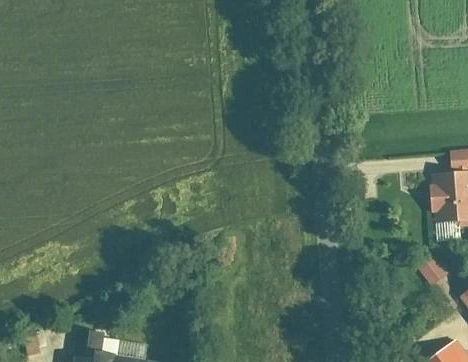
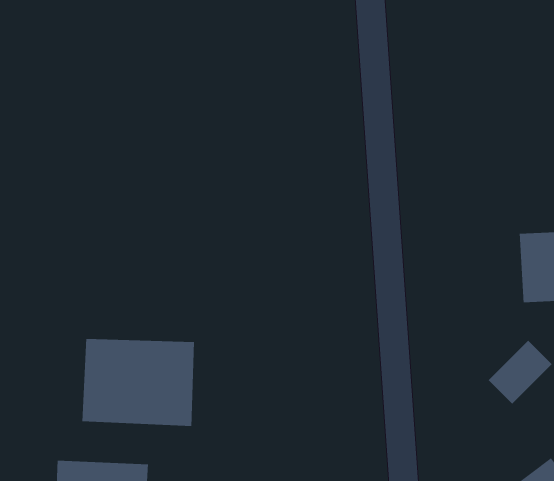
building: none -> [81,338,195,427]

